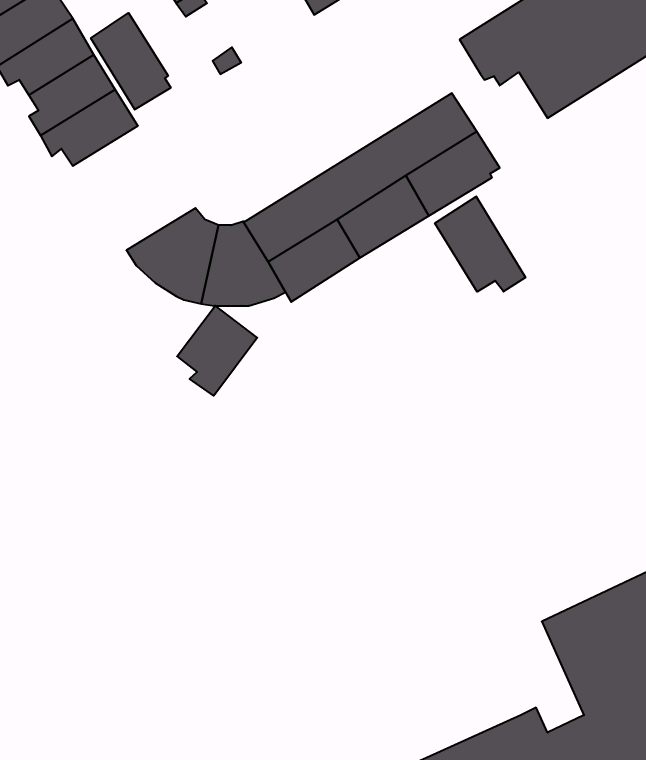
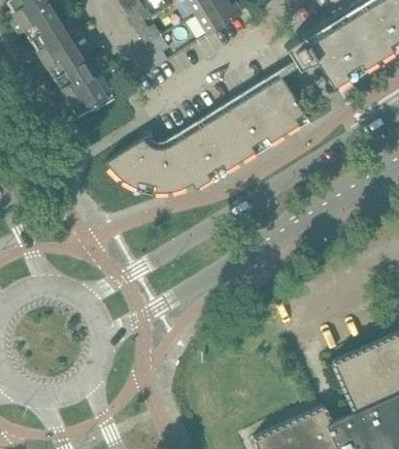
building: [91,13,171,110] -> none
building: [435,196,525,292] -> none
building: [177,306,257,396] -> none

